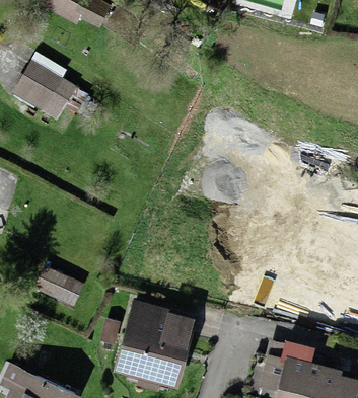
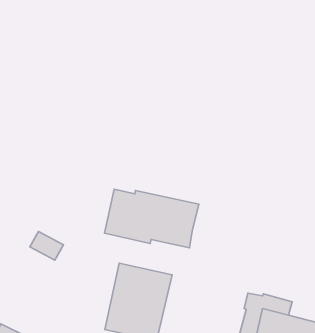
building: [14,60,75,118] -> none
building: none -> [104,189,199,248]

